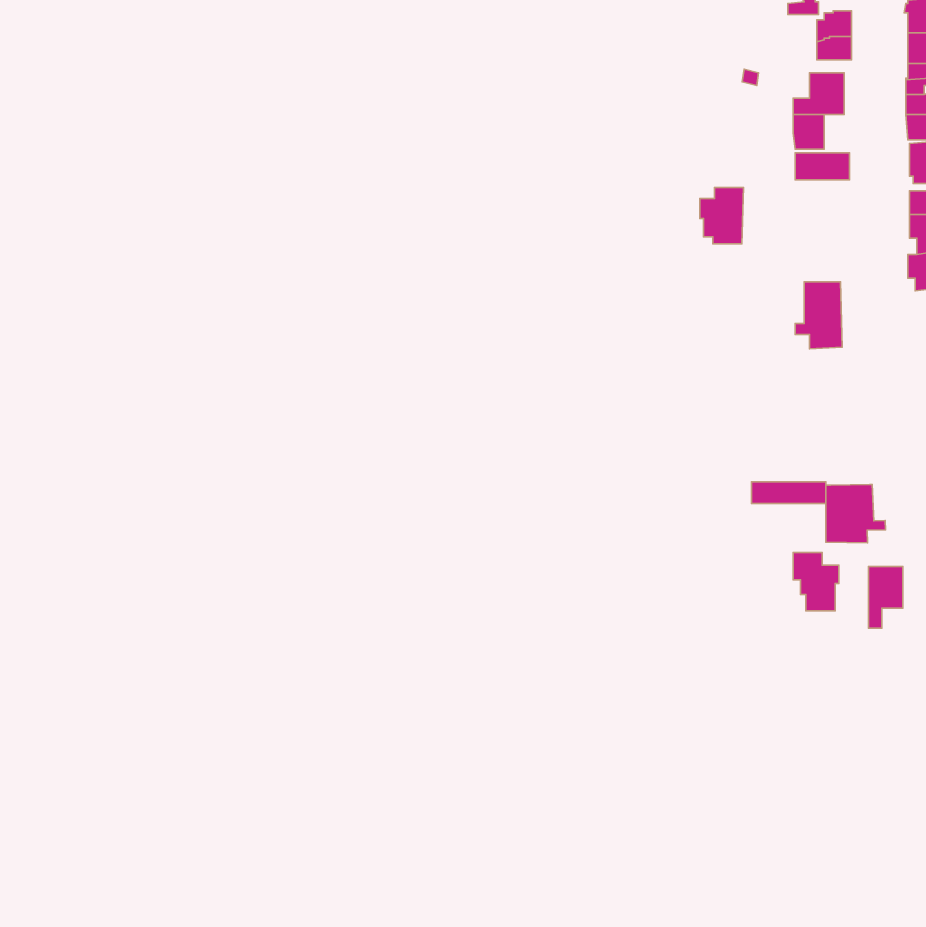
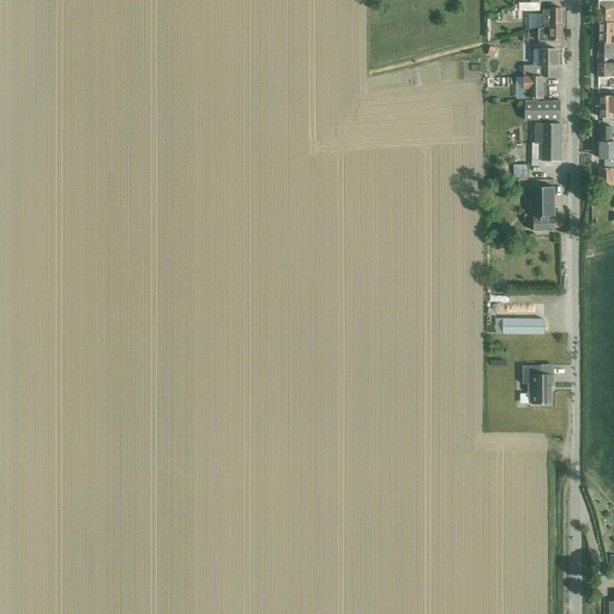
building: [700,188,744,244] -> [535,122,564,159]
building: [826,484,886,543] -> none
building: [868,566,903,628] -> none

